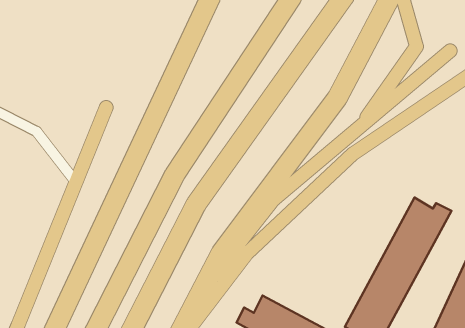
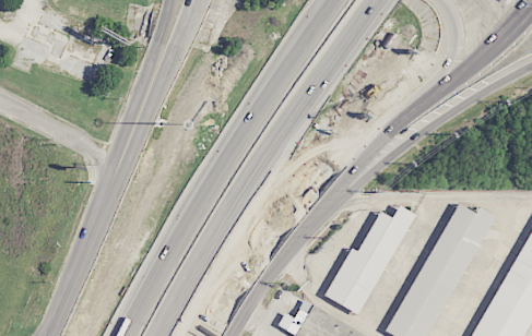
building: none -> [324,205,413,315]

